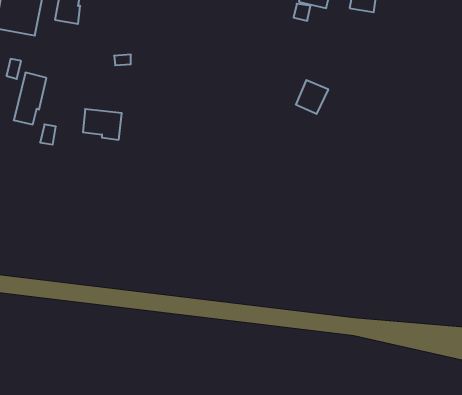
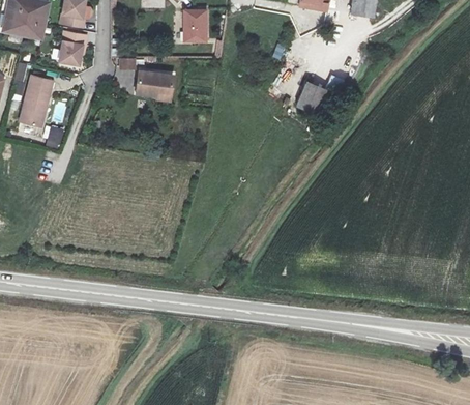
building: none -> [182,9,206,42]
building: none -> [59,32,86,64]
building: [83,109,122,140] -> [136,69,174,99]

